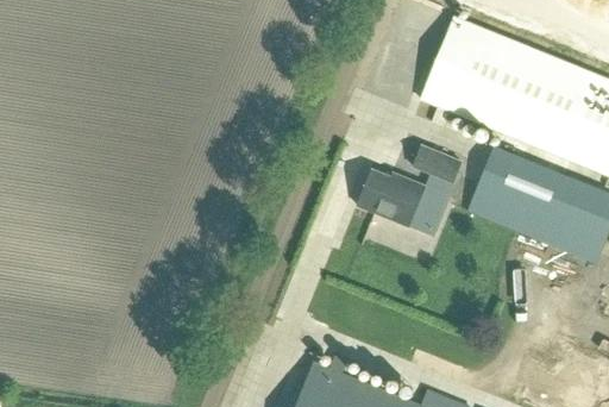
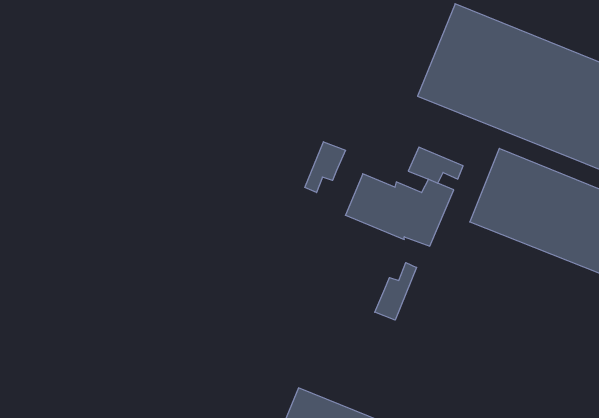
building: none -> [305,142,345,193]
building: none -> [375,263,417,320]

